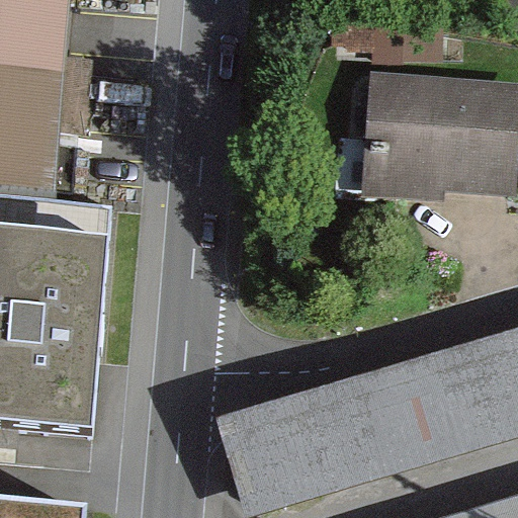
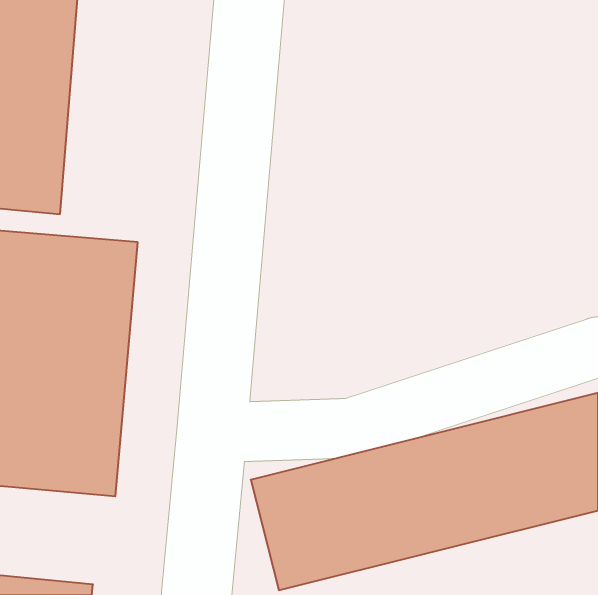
building: [339,76,505,195] -> none

